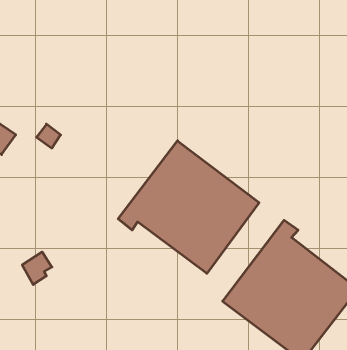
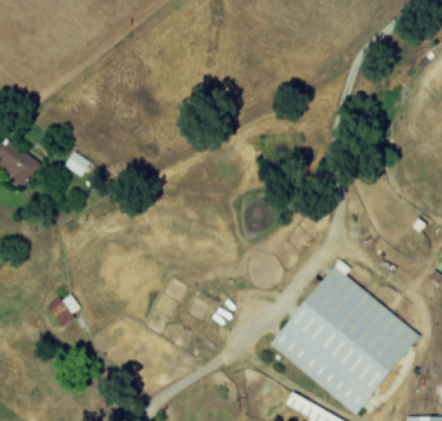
building: [118,141,259,273] -> none

